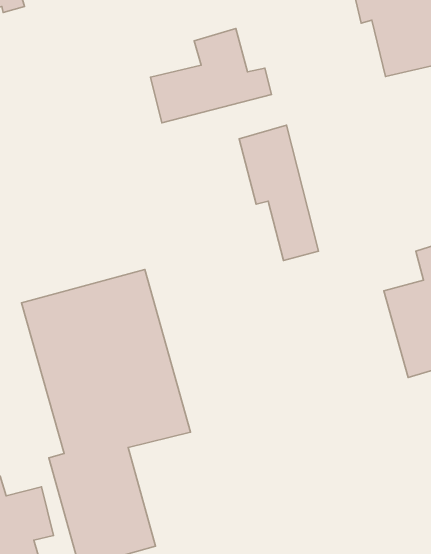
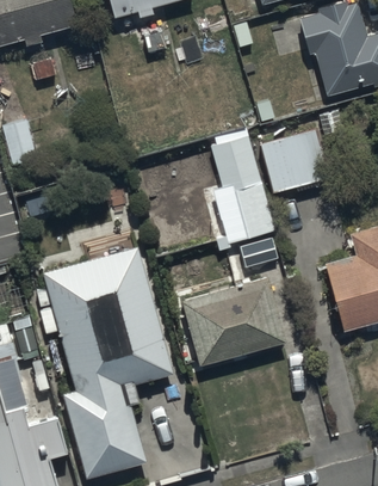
building: [151,29,272,123] -> none
building: none -> [262,131,330,191]
building: none -> [185,277,287,368]

